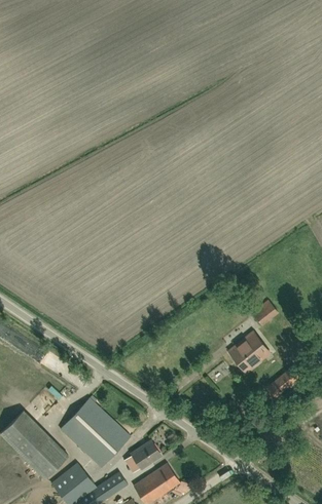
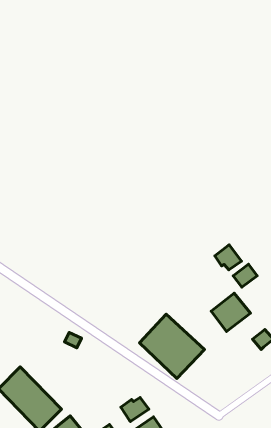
building: none -> [215,245,241,270]
building: [61,398,131,467] -> [139,314,205,378]

